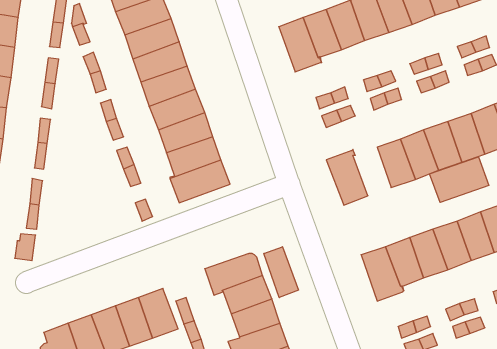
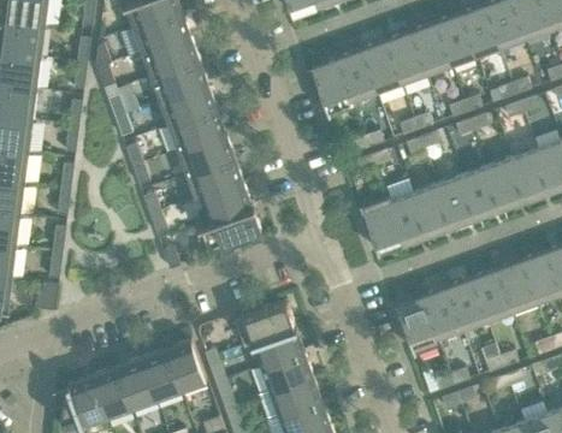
building: none -> [388,192,427,243]
building: [430,157,489,202] -> none
building: [264,247,299,298] -> none

